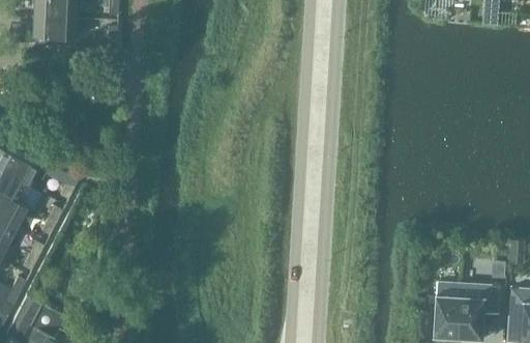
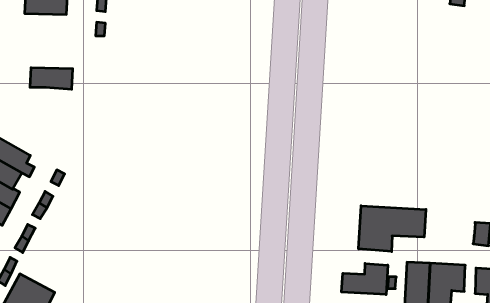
building: [30,18,76,40] -> [30,68,73,89]
building: none -> [359,206,426,252]
building: none -> [342,263,388,295]

